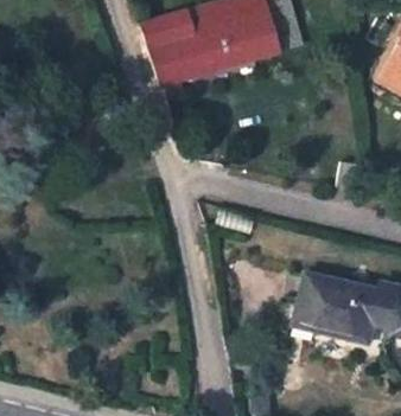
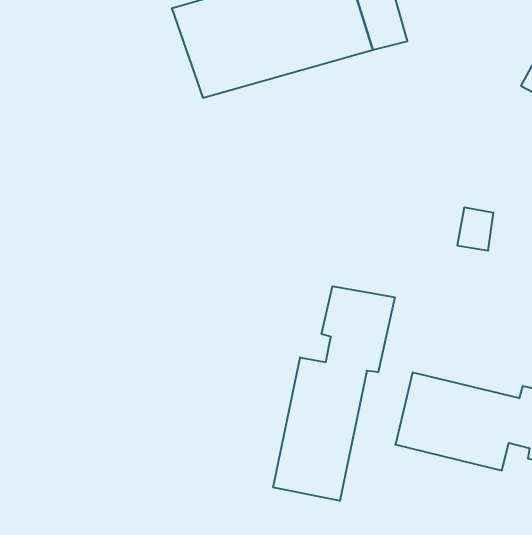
building: none -> [273,286,395,501]

